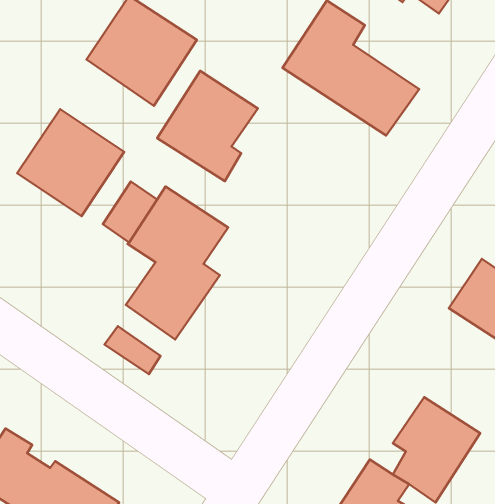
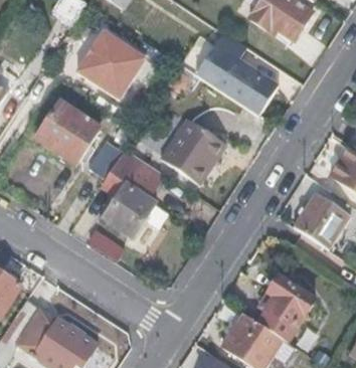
building: [157,71,258,181] -> [161,117,222,184]

